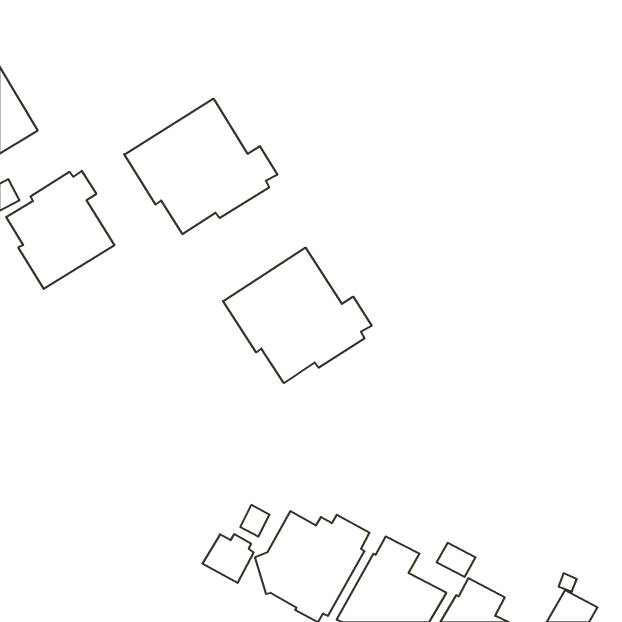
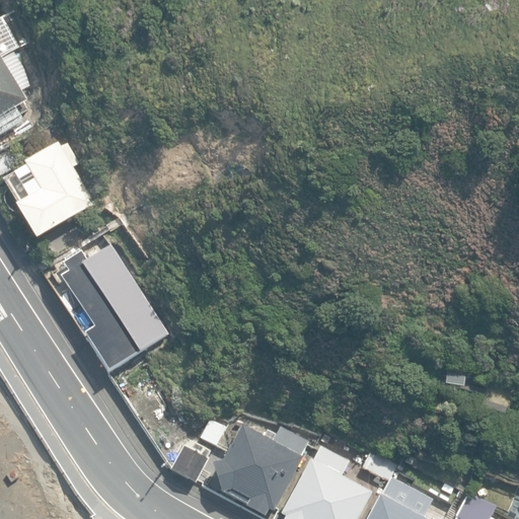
building: [124,99,277,234] -> none
building: [223,248,372,383] -> none
building: none -> [61,244,167,371]

